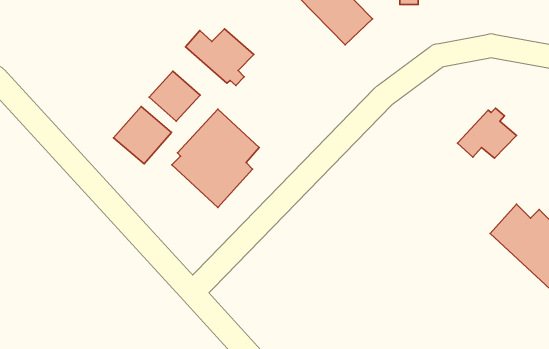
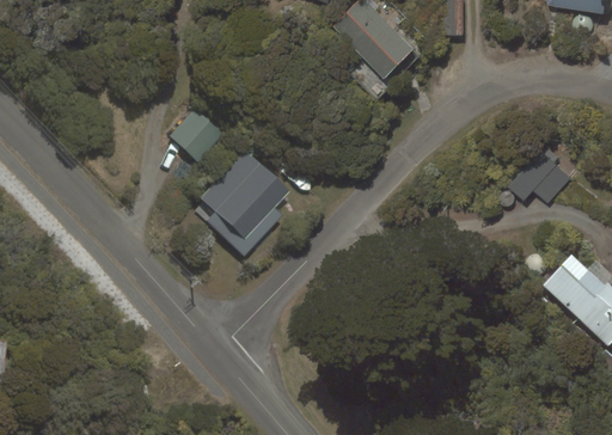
building: [186,29,254,85] -> none
building: [113,107,172,164] -> none

